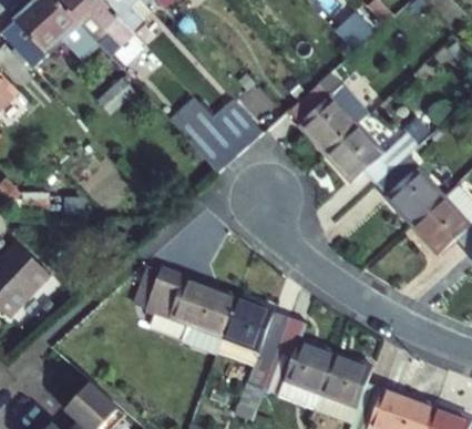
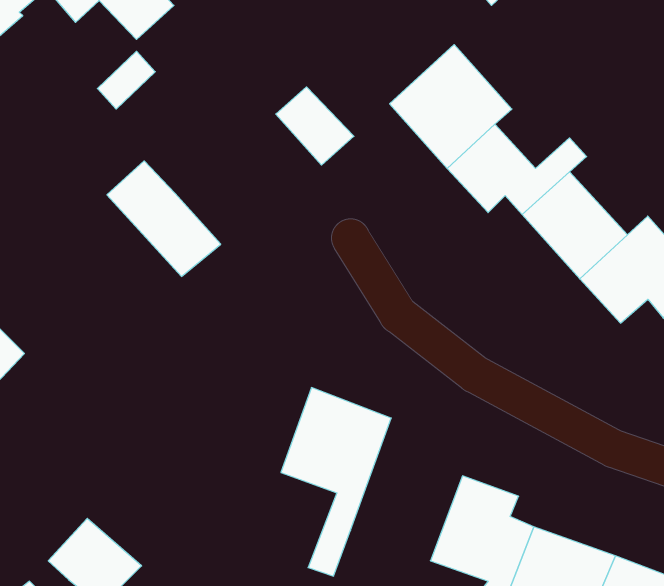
building: [168,96,243,172] -> [107,161,221,276]
building: [145,268,236,355] -> none
building: [261,316,335,409] -> none

